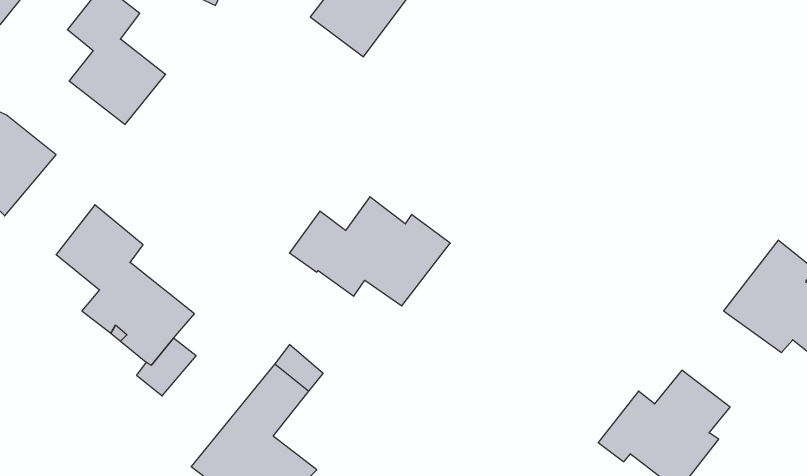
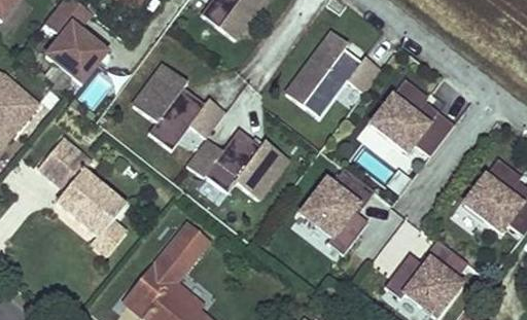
building: none -> [285,32,381,118]
building: none -> [132,65,225,150]
building: none -> [371,79,455,155]
building: none -> [300,168,375,255]

